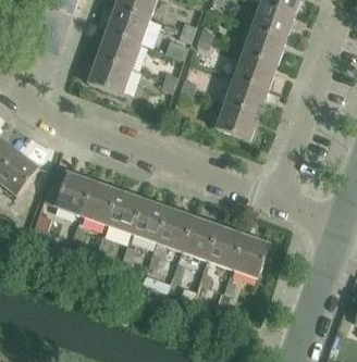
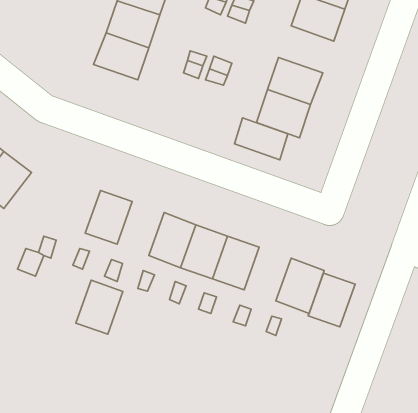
building: [233,52,276,89] -> none
building: none -> [235,118,288,160]
building: [54,173,93,215] -> none
building: [106,190,143,233] -> [76,280,123,334]
building: [206,226,243,269] -> [308,273,355,327]

